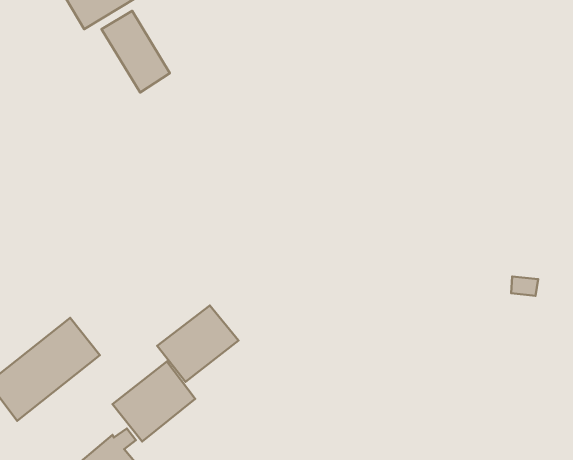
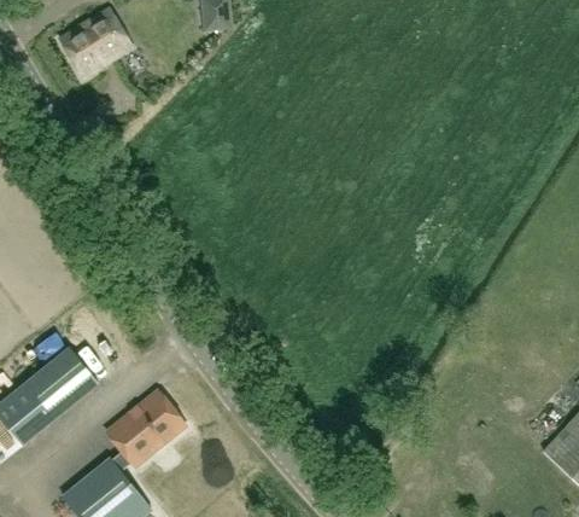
building: [102,11,170,92] -> none
building: [157,305,238,382] -> none

